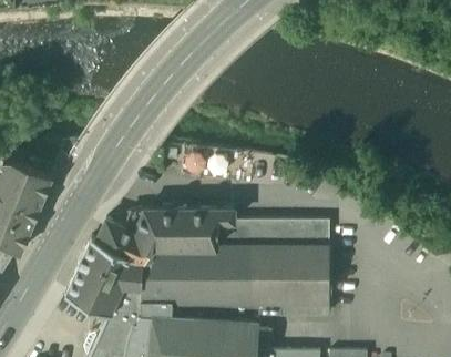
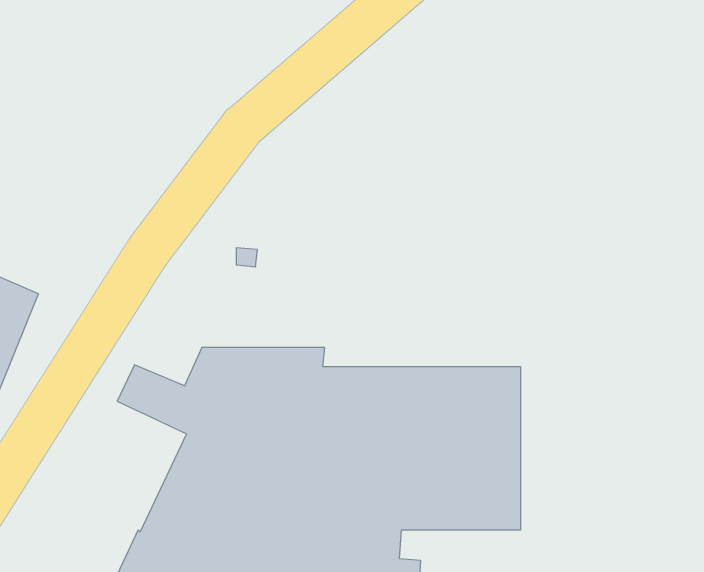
building: [65,237,136,315] -> none

